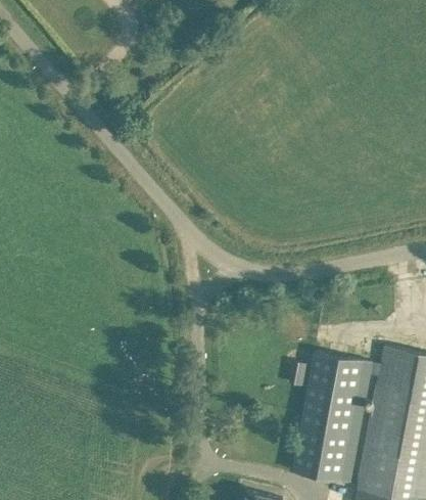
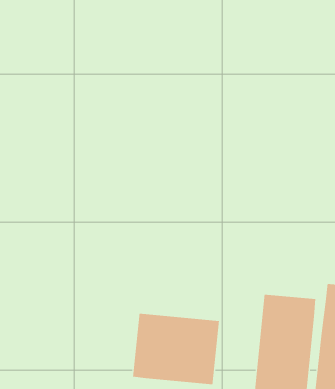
building: none -> [132,313,220,385]

